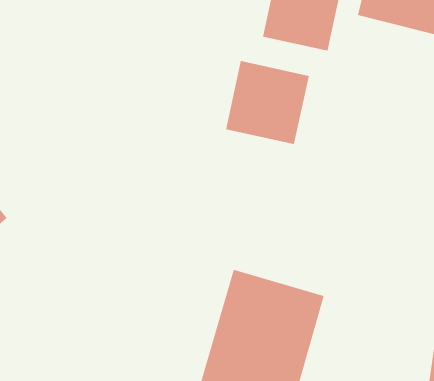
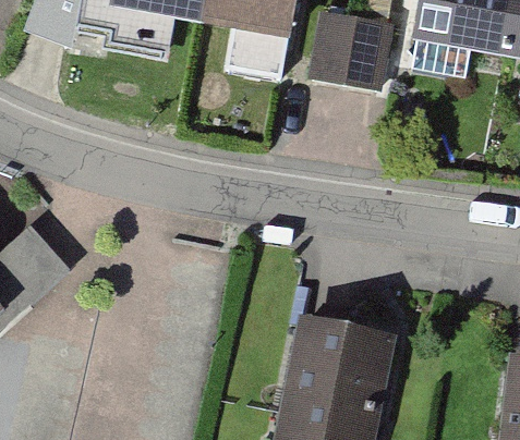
building: [225,60,309,145] -> none

